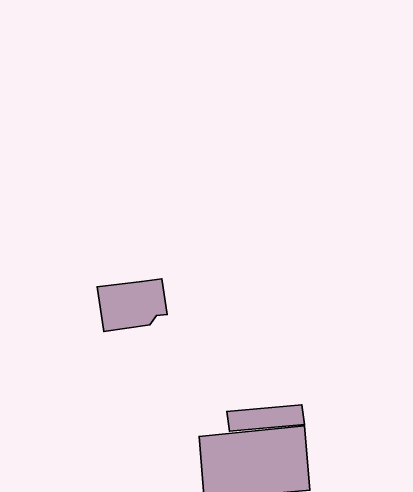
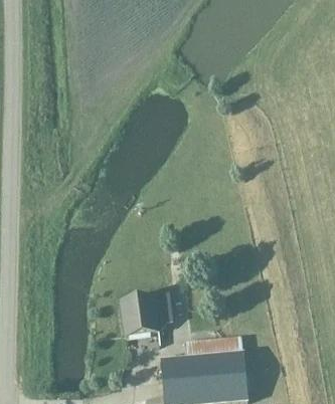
building: [97,279,167,331] -> [120,293,173,334]

